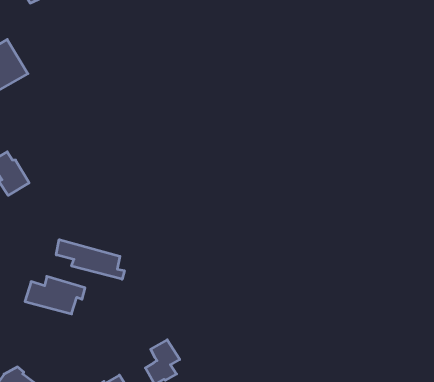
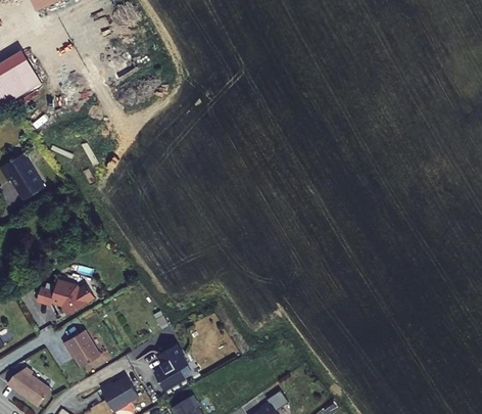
building: [56,240,124,279] -> none
building: none -> [66,329,103,366]

